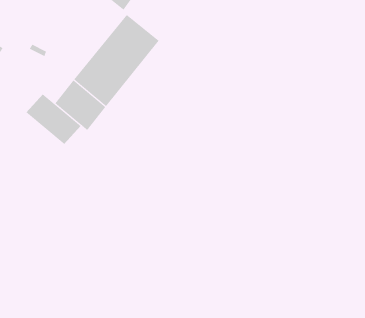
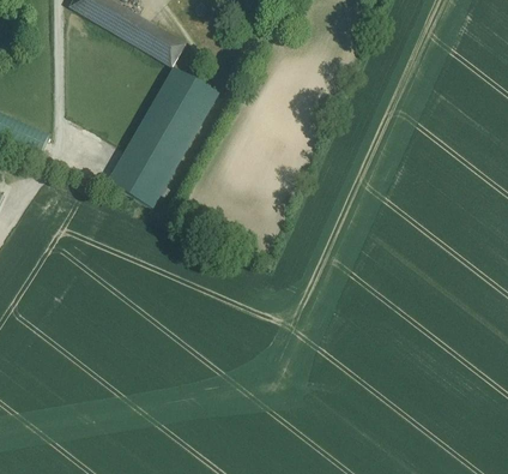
building: [26,93,82,145] -> none

